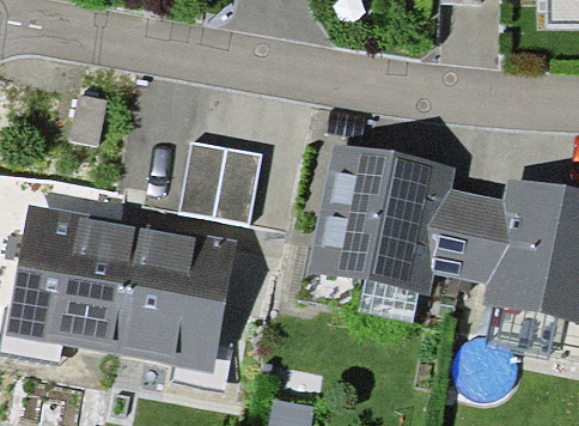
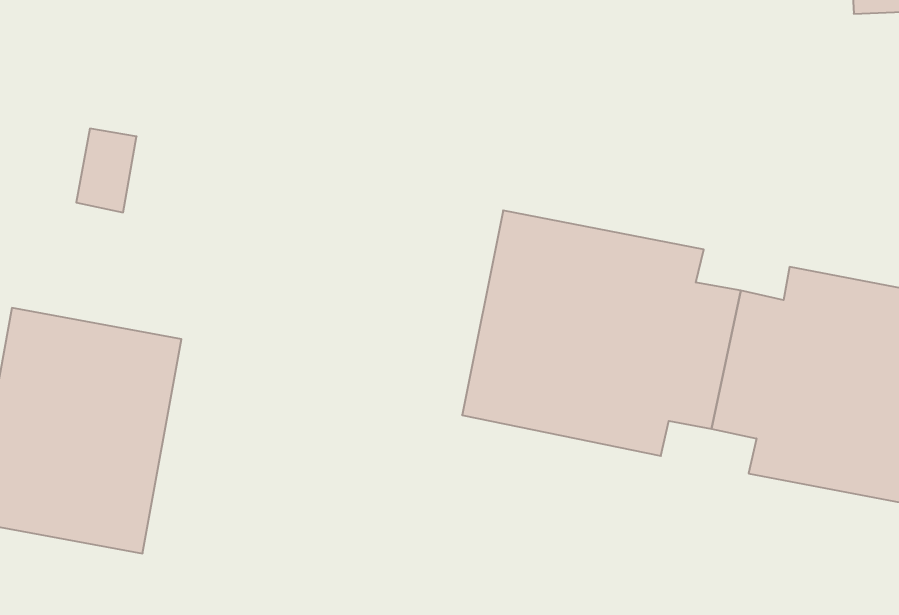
building: [179,142,261,225] -> none
building: [110,223,237,372] -> none

